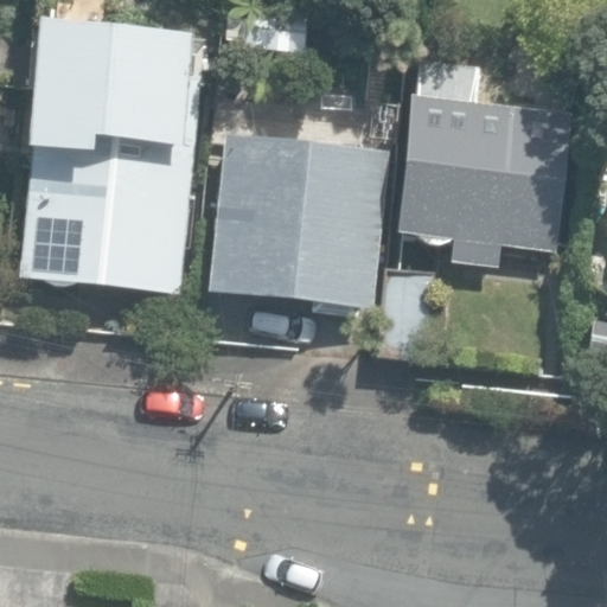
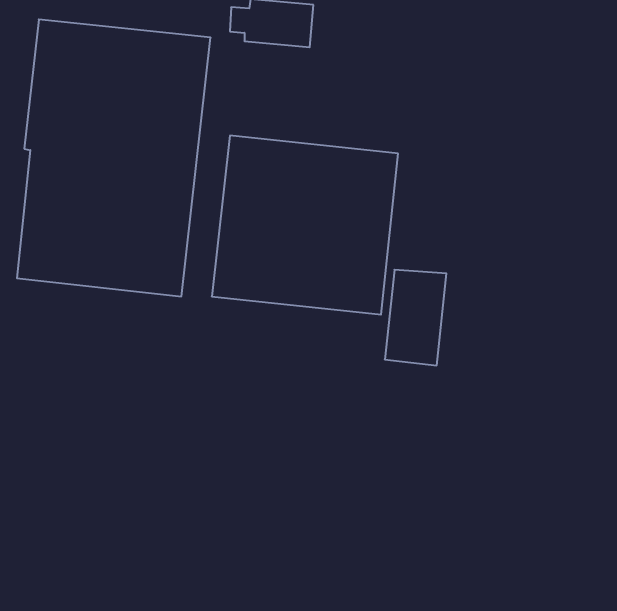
building: [396,58,571,266] -> none

